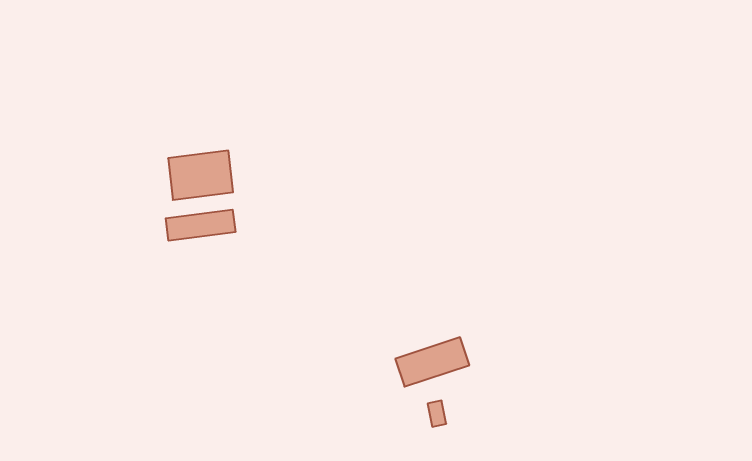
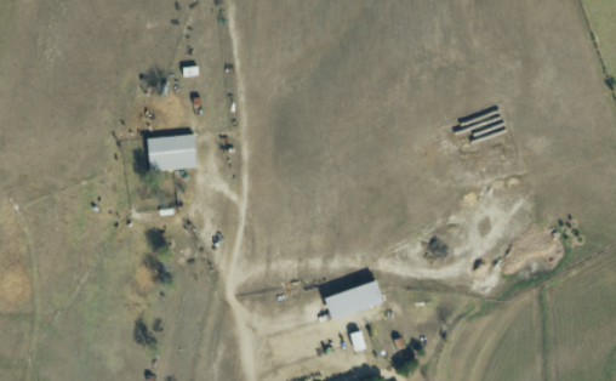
building: [166,210,235,241] -> none

